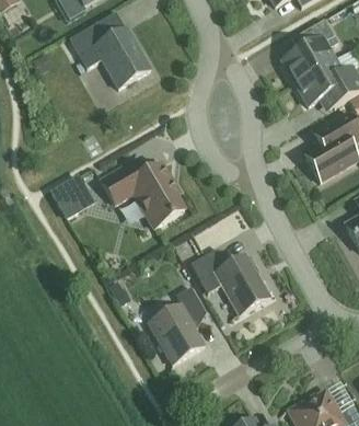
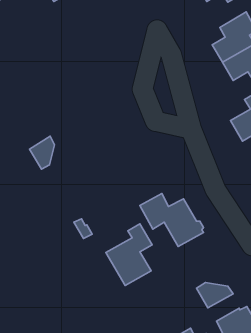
building: [69,12,150,88] -> none
building: [100,158,184,228] -> none
building: none -> [197,283,233,308]

